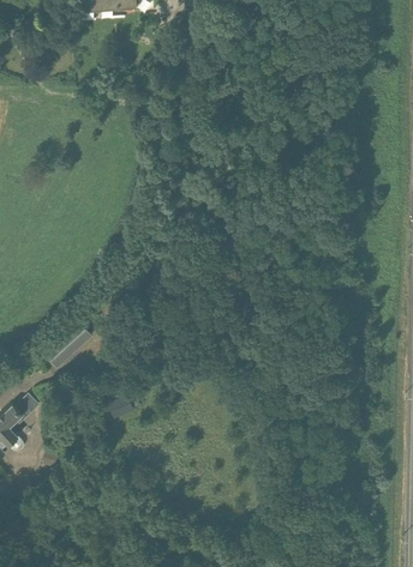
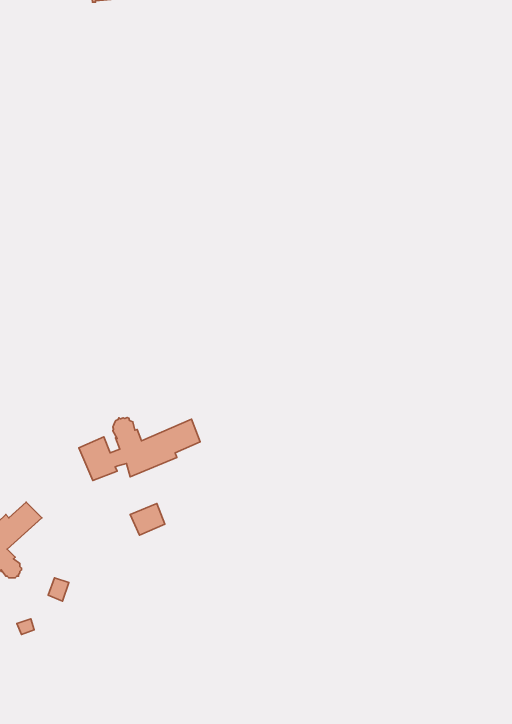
building: none -> [79,417,200,481]

